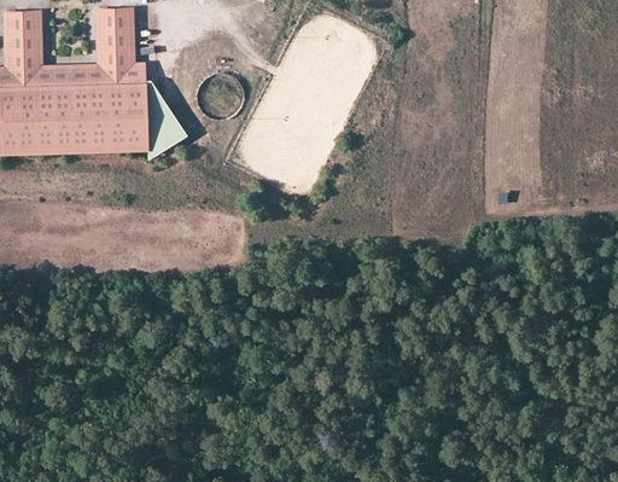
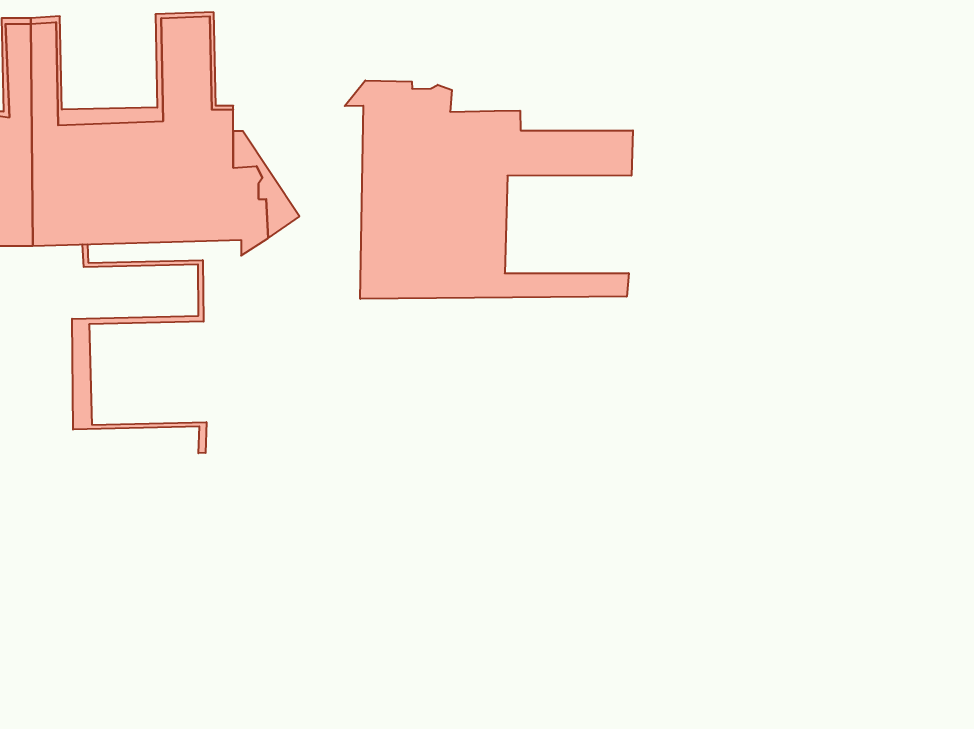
building: none -> [345,80,633,299]
building: none -> [72,244,206,453]

